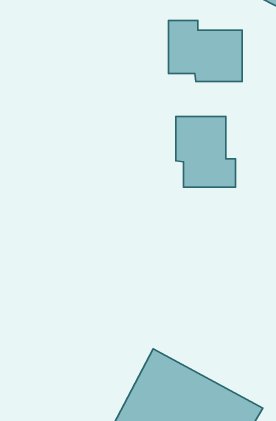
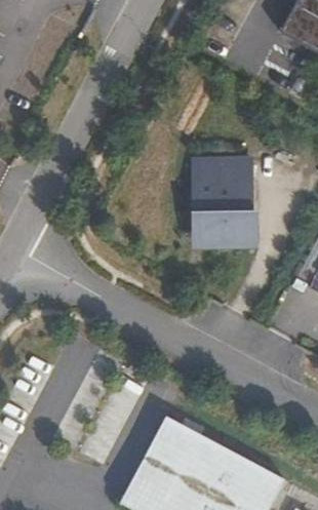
building: [168,20,242,81] -> none

